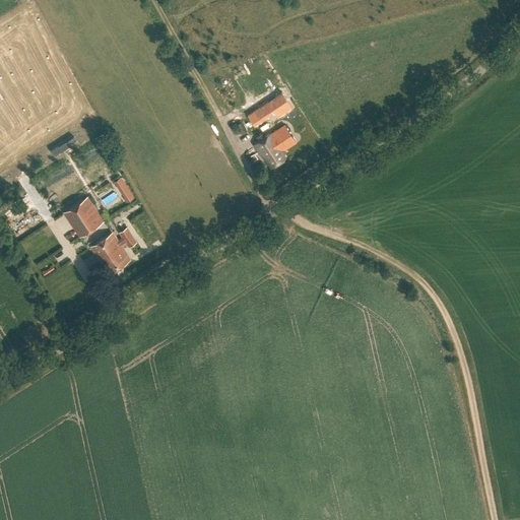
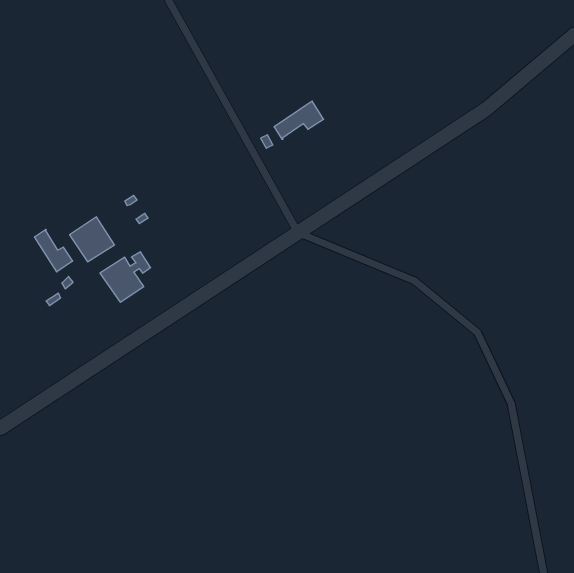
building: [254,125,297,168] -> none
building: none -> [35,229,73,272]

